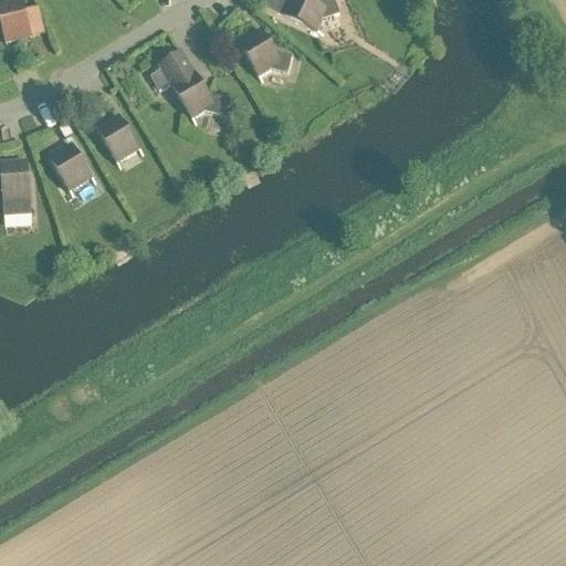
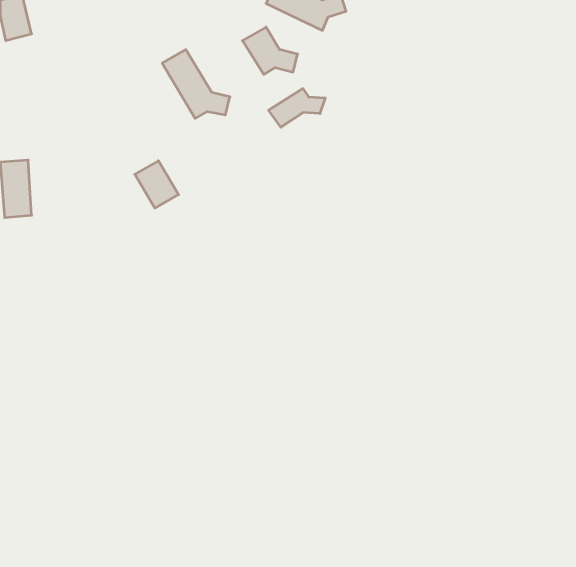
building: none -> [269,89,325,127]
building: [96,113,139,159] -> [135,161,179,208]
building: [49,142,92,188] -> none

